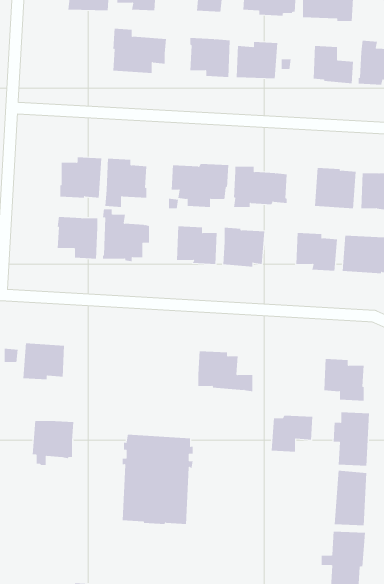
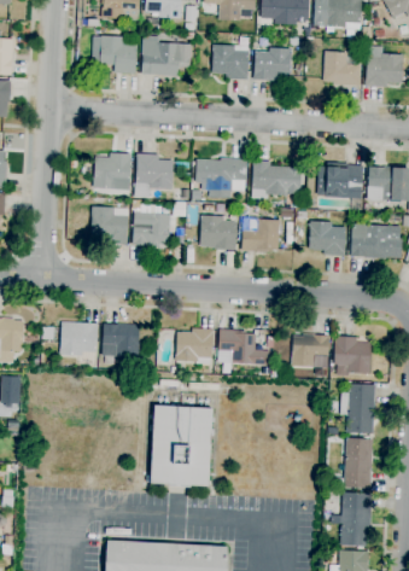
building: none -> [90,35,136,74]
building: none -> [175,328,214,365]
building: [271,415,313,452] -> [291,333,329,367]
building: [32,420,74,466] -> [101,324,140,365]

